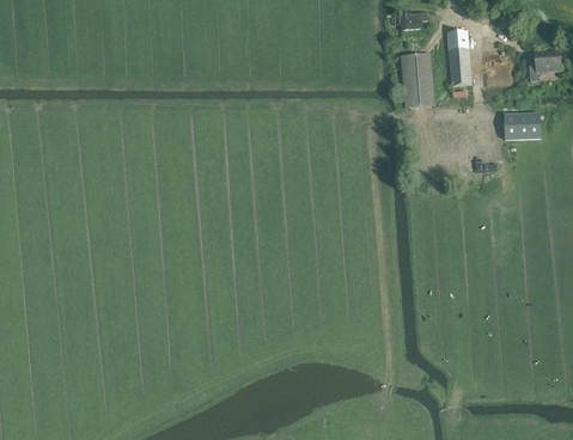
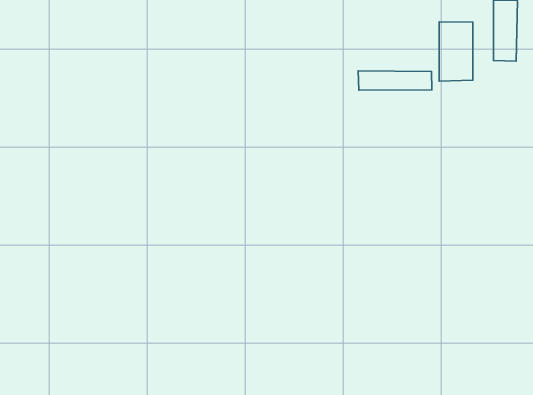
building: none -> [358,71,432,90]

